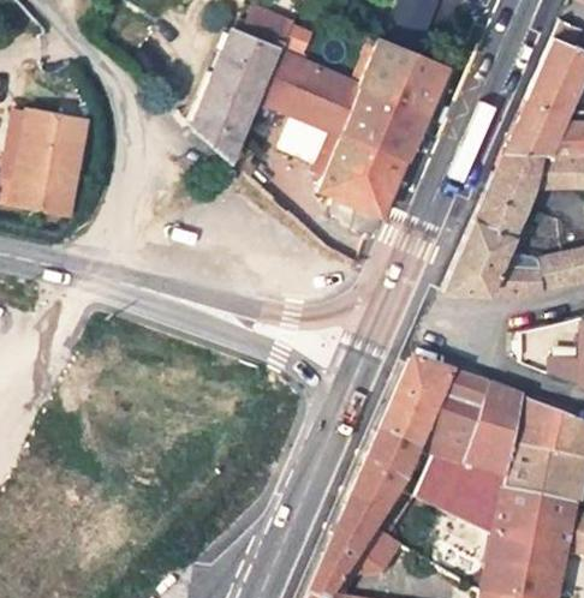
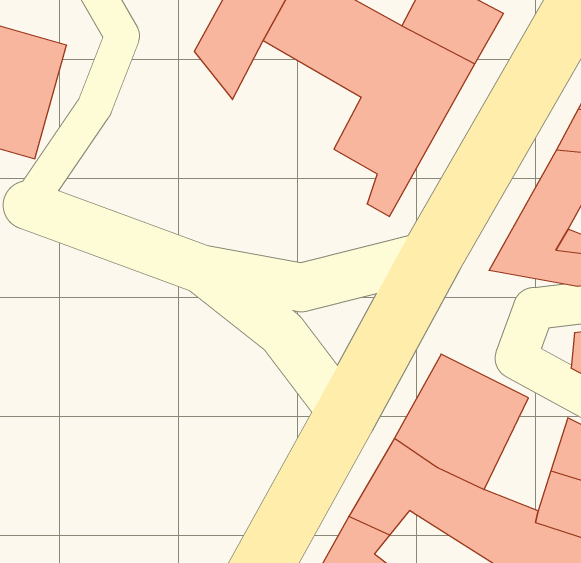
building: [463,383,525,474] -> none

